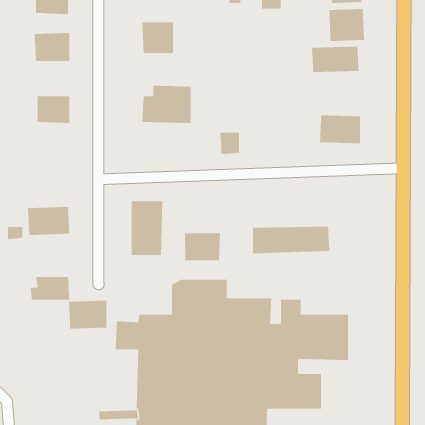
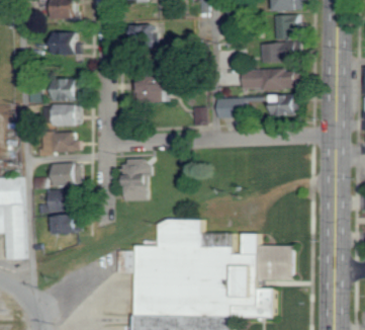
building: none -> [215,98,245,118]
building: none -> [54,104,81,127]
building: none -> [40,132,78,156]
building: [252,226,330,254] -> [242,69,300,90]
building: [184,233,221,261] -> none
building: [68,300,107,329] -> [47,189,76,212]

